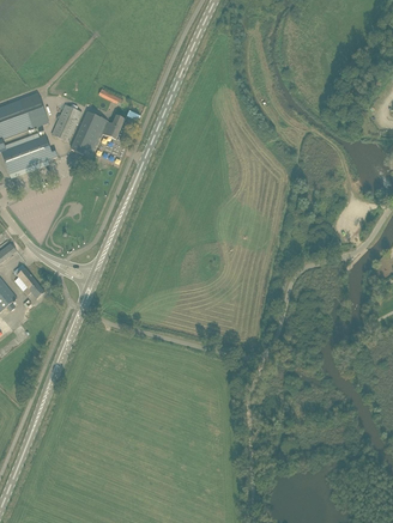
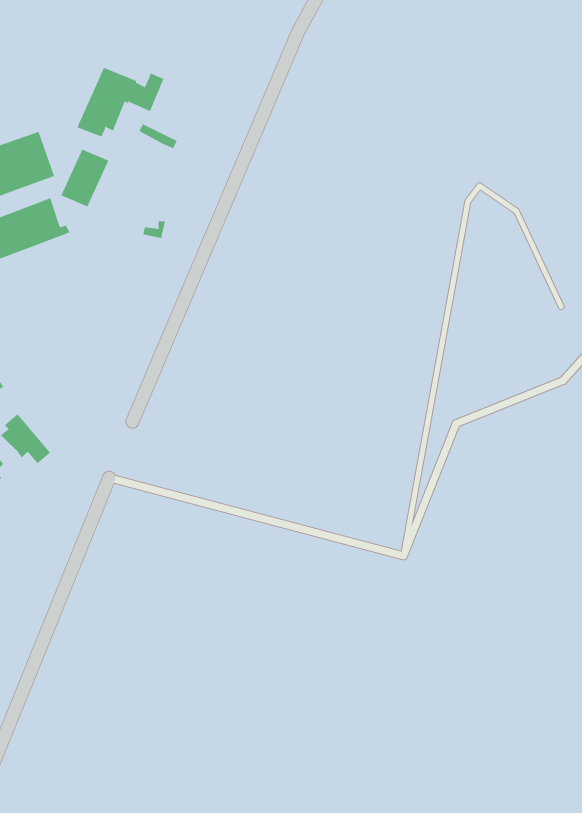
building: [69,111,123,154] -> [76,67,164,137]

